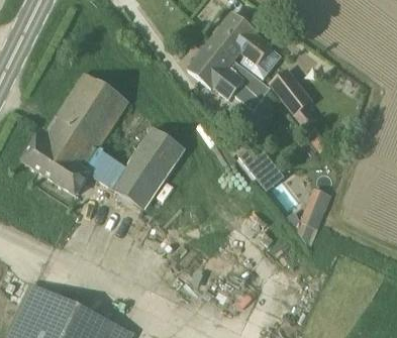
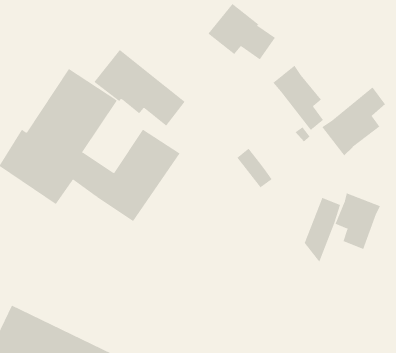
building: [187,39,270,109] -> [94,49,186,127]
building: none -> [321,87,386,156]
building: none -> [335,192,381,250]

